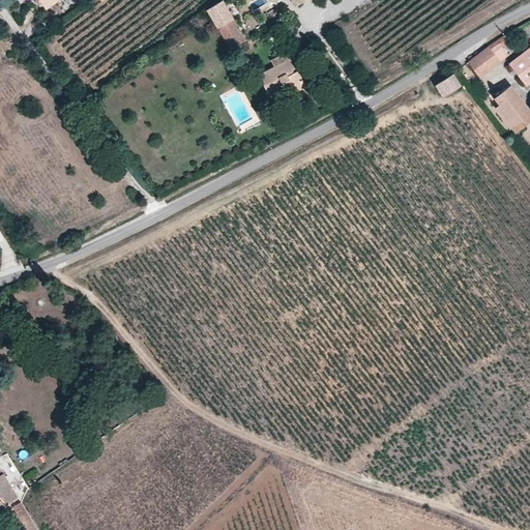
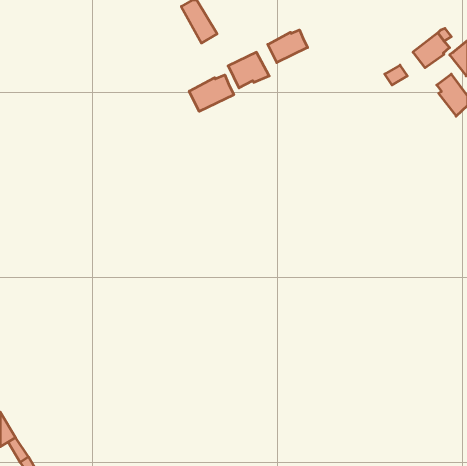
building: none -> [268,30,308,63]
building: none -> [189,75,234,111]

